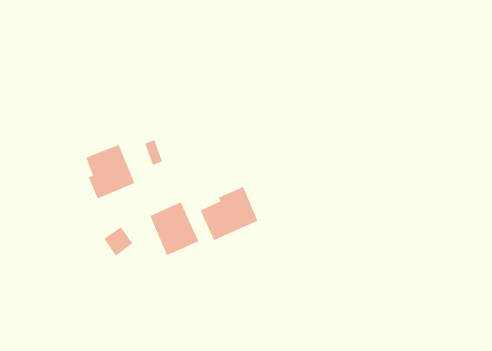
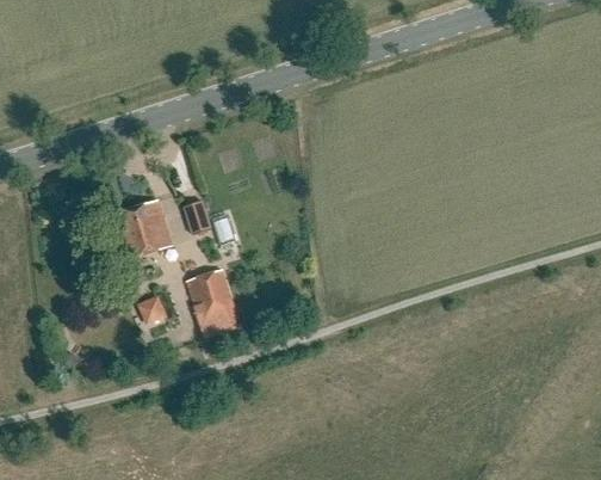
building: [200,186,258,241] -> none

